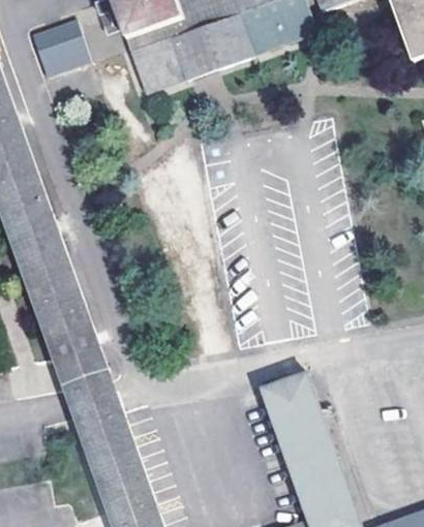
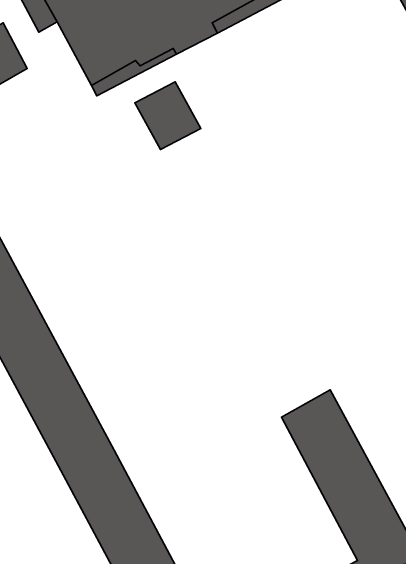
building: none -> [135,82,201,150]

